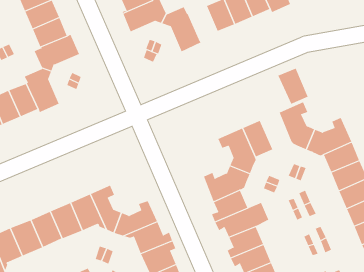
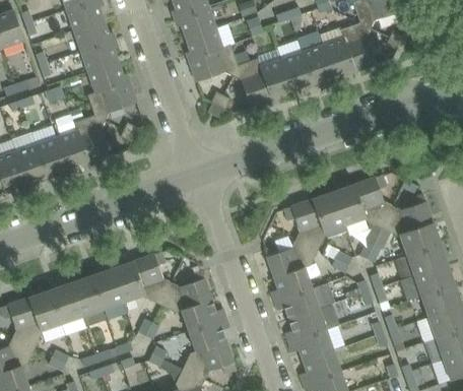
building: none -> [261,59,291,95]
building: [278,68,308,105] -> [332,184,365,224]

